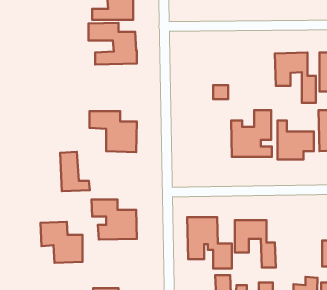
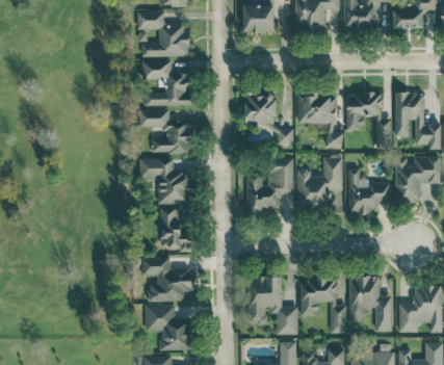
building: none -> [297,93,343,148]
building: none -> [245,95,277,126]
building: none -> [139,109,192,153]
building: none -> [246,157,294,212]
building: [60,152,90,191] -> [160,207,193,251]
building: none -> [349,276,392,332]
building: [41,222,83,263] -> [146,305,192,350]

